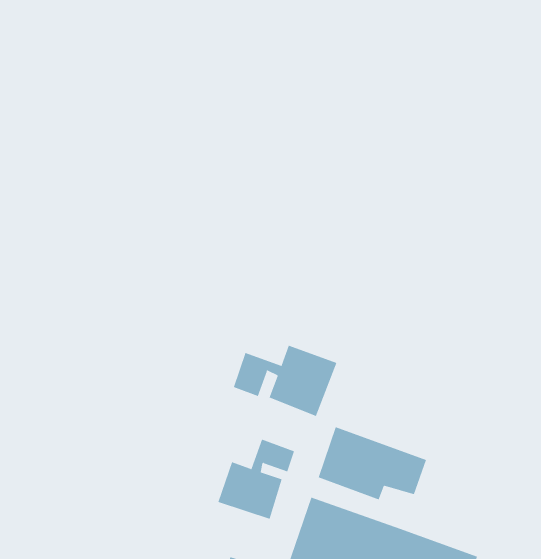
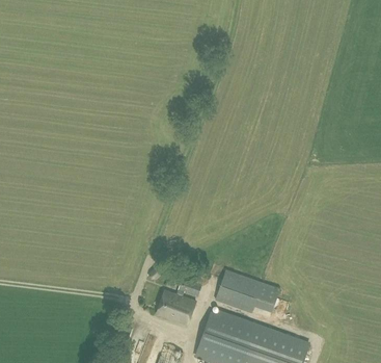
building: [233,345,337,417] -> none

